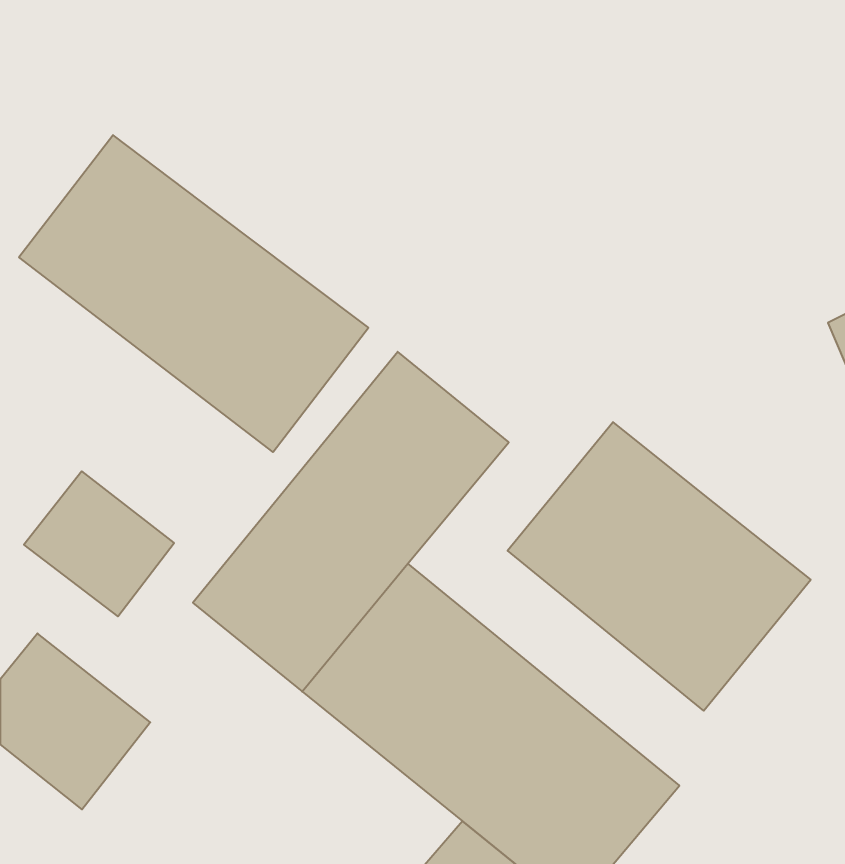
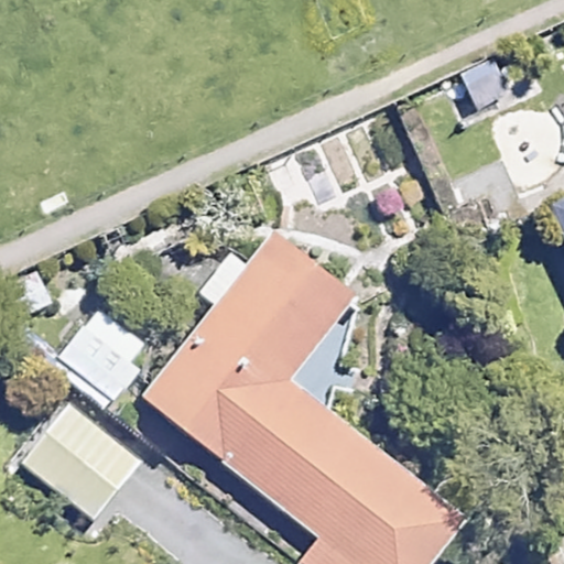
building: [19,135,368,452] -> none
building: [508,422,811,711] -> none

